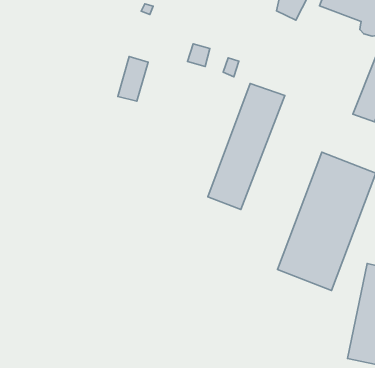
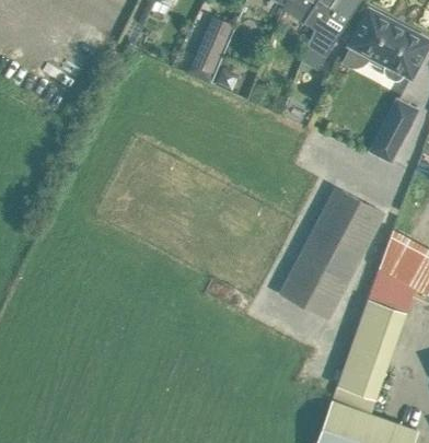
building: [118,56,148,101] -> [194,28,227,72]
building: [208,83,285,209] -> none

